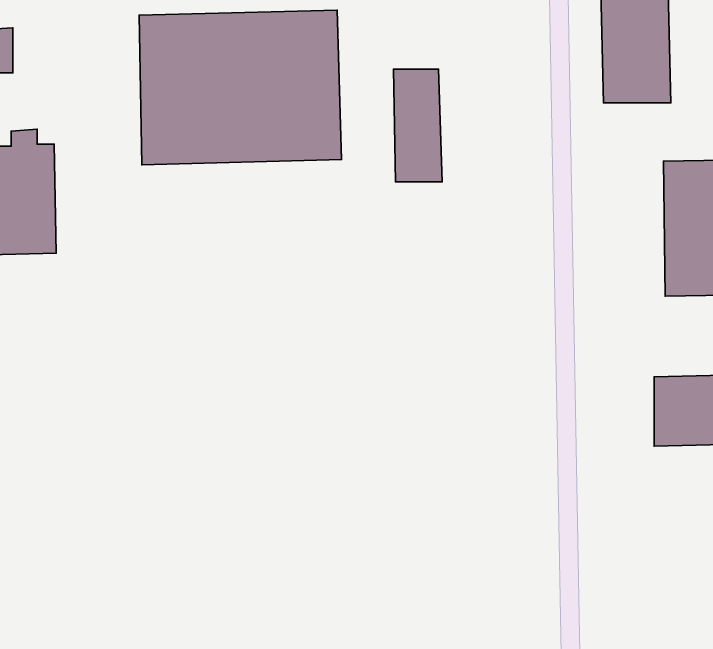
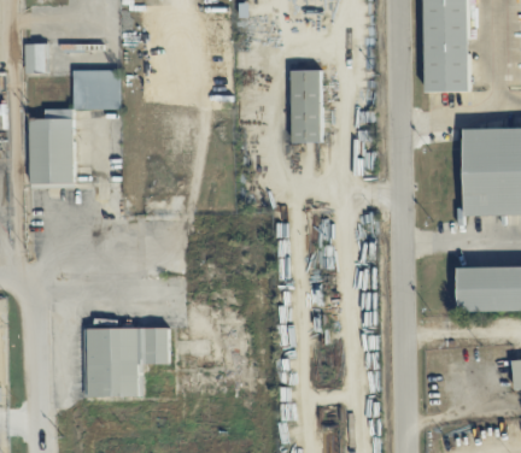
building: [139,10,341,165] -> none
building: none -> [74,70,121,110]
building: none -> [82,328,168,398]

